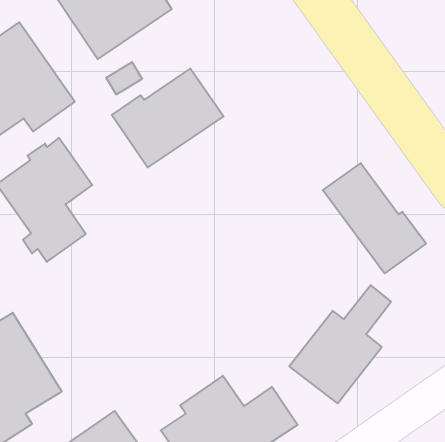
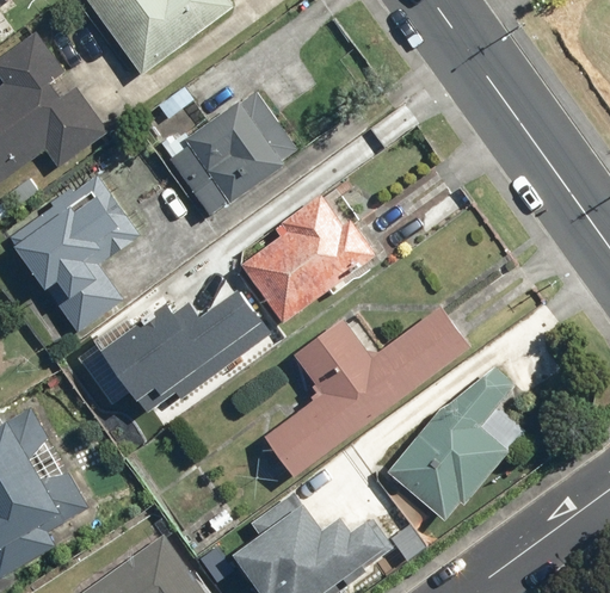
building: none -> [234,183,377,326]
building: [323,163,426,273] -> none
building: none -> [103,286,272,412]
building: none -> [263,307,470,480]

